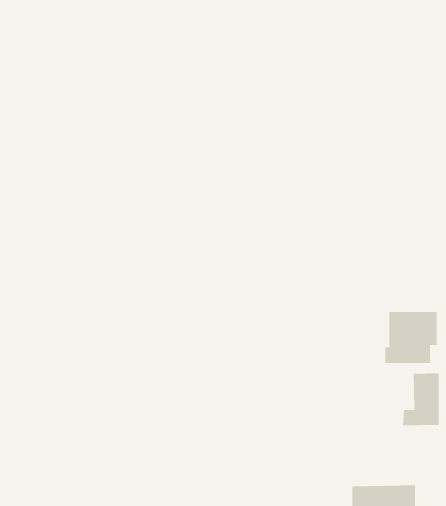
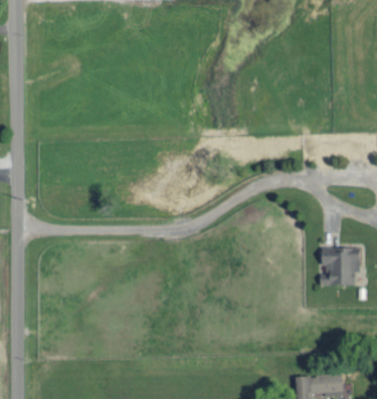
building: [403,373,439,426] -> none

